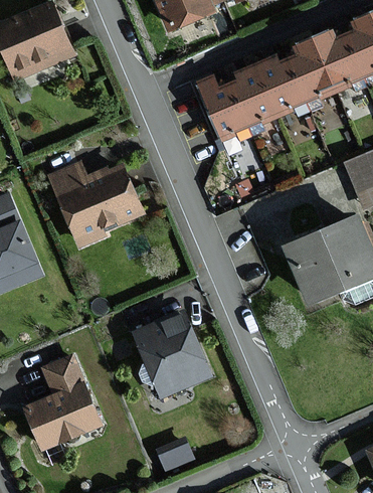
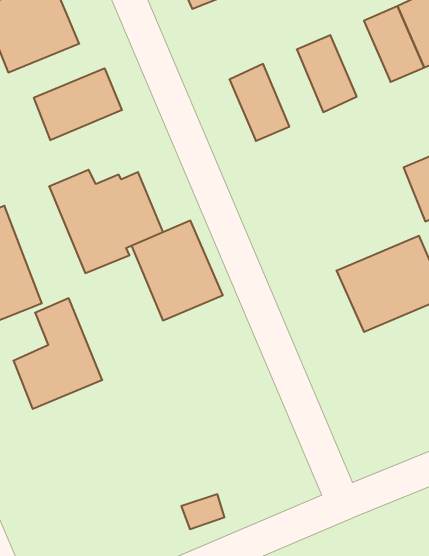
building: [284,38,334,102] -> none
building: [227,62,277,127] -> none
building: none -> [34,68,122,140]
building: [134,313,210,396] -> [132,221,223,320]
building: [24,355,99,448] -> [13,298,102,409]

